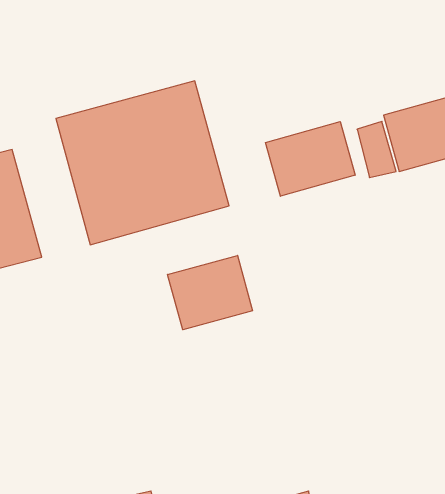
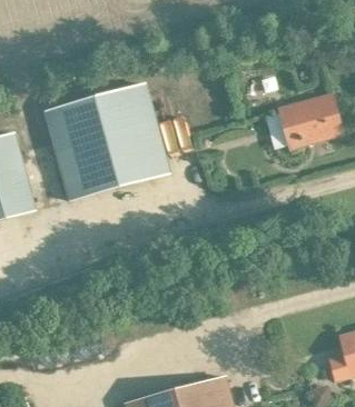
building: [265,122,355,196] -> none
building: [168,255,253,330] -> none

